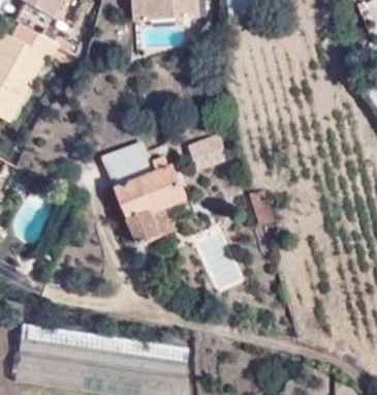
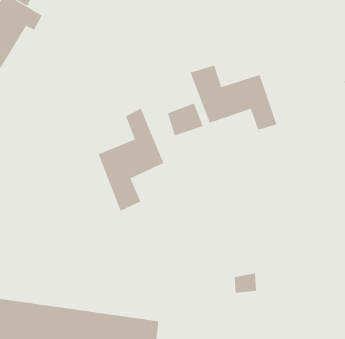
building: none -> [190,65,277,130]
building: [107,145,155,184] -> none

